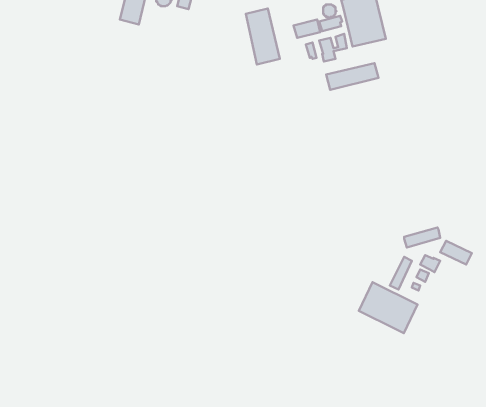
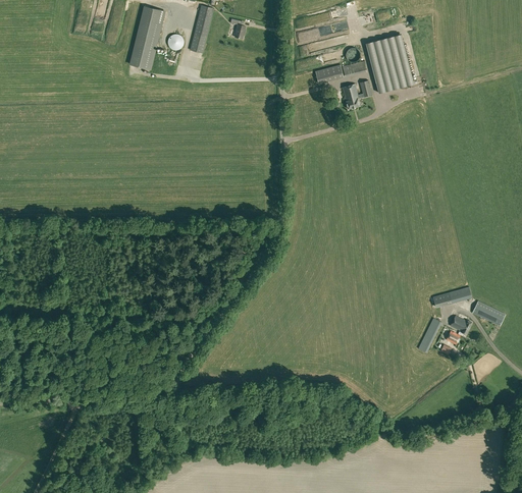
building: [246,9,280,64] -> none
building: [326,63,378,90] -> none
building: [359,282,417,333] -> none

